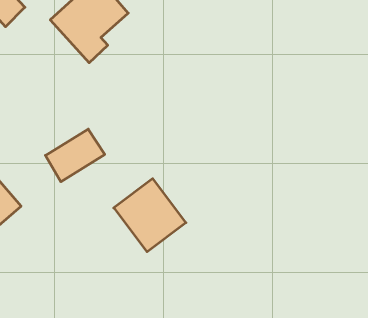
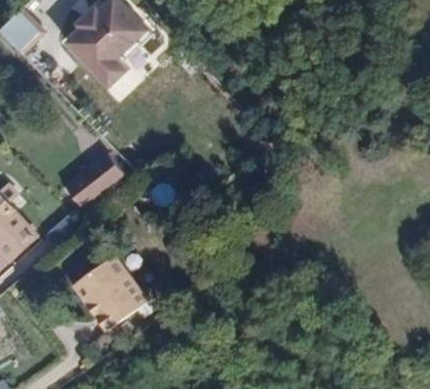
building: [114,179,186,252] -> [67,249,143,326]

